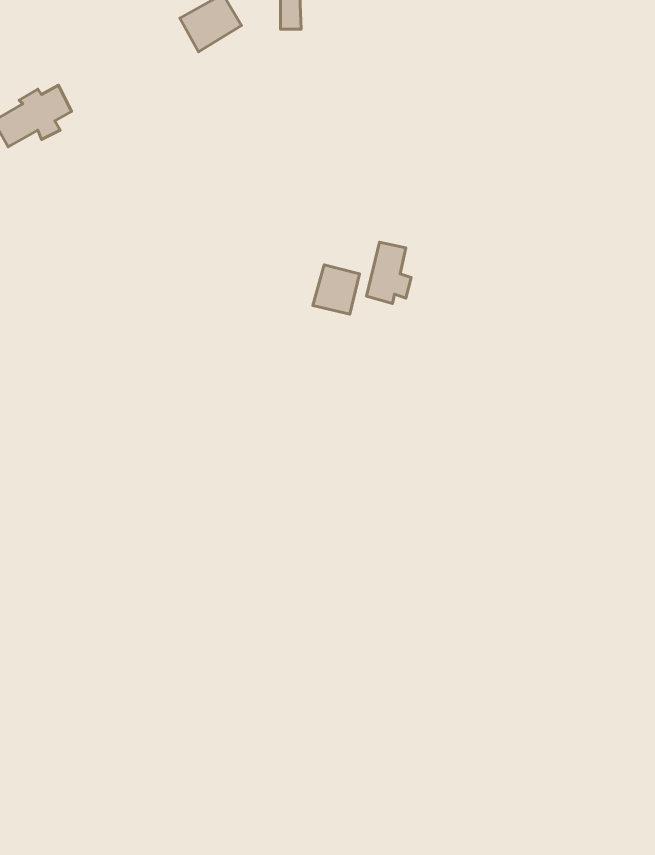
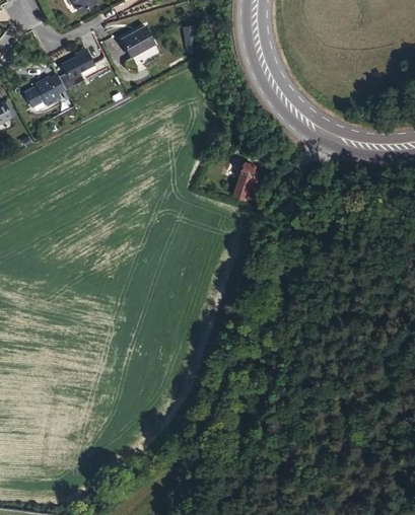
building: none -> [60,48,95,90]
building: [313,265,360,314] -> none

